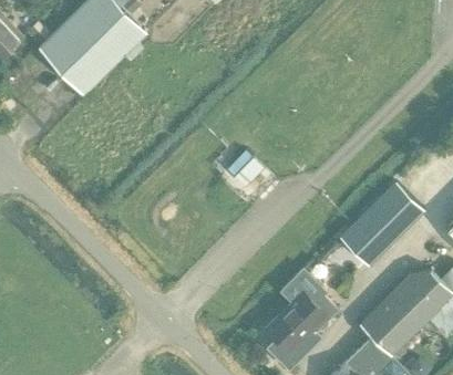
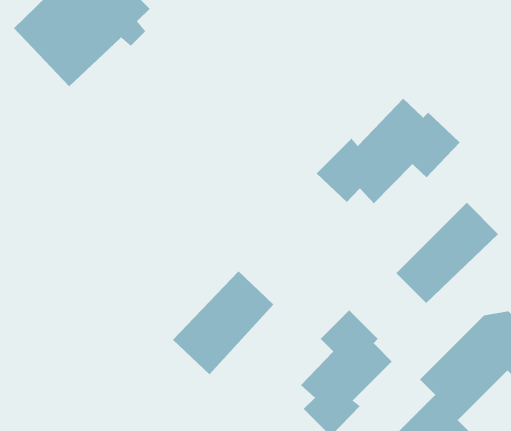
building: none -> [316,98,461,204]
building: none -> [172,270,274,375]

